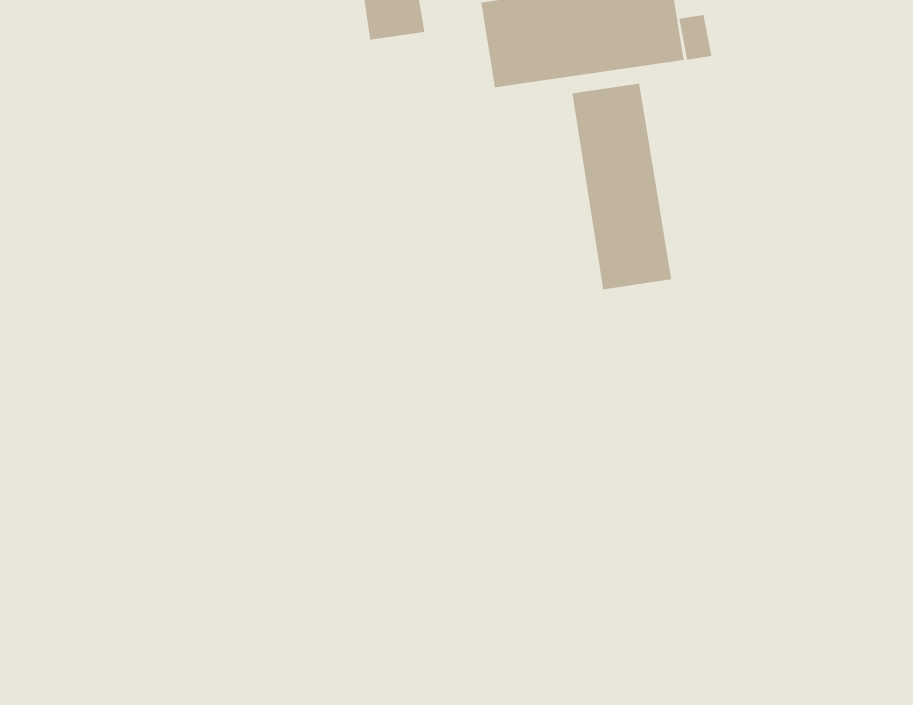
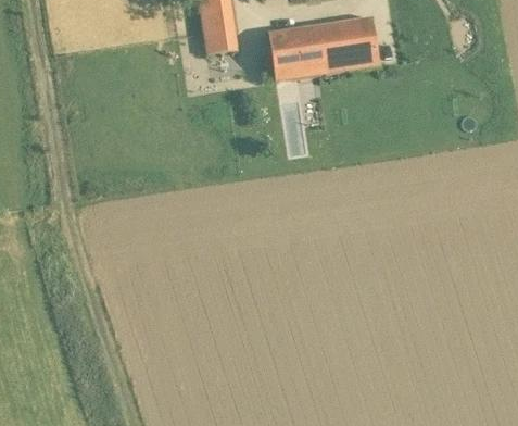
building: [572,83,672,290] -> none

